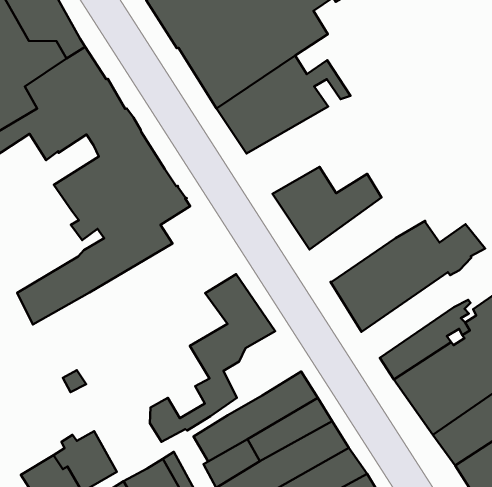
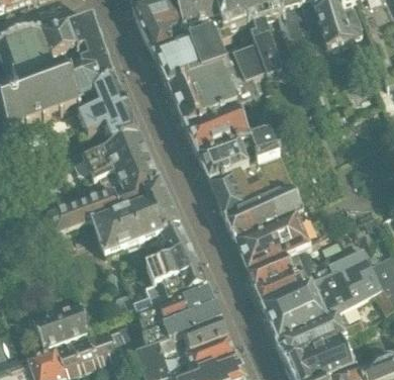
building: none -> [198,127,279,180]
building: none -> [225,183,306,238]
building: none -> [92,179,180,252]
building: none -> [248,244,313,287]
building: none -> [163,261,206,296]

